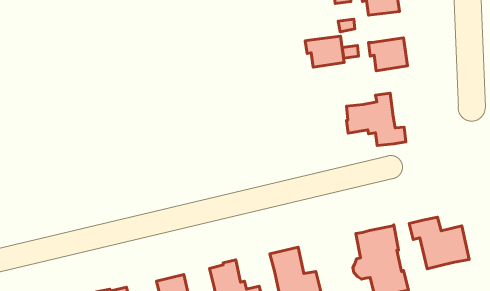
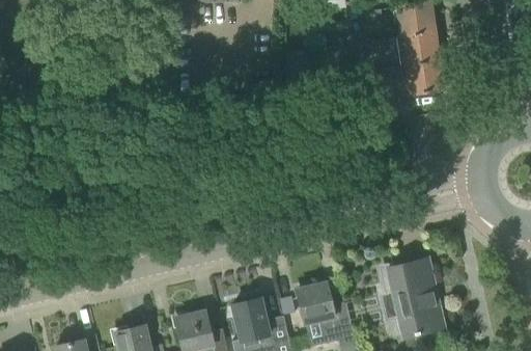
building: [305,36,344,67] -> [396,30,438,63]
building: [346,93,406,146] -> none
building: [409,217,469,269] -> none

